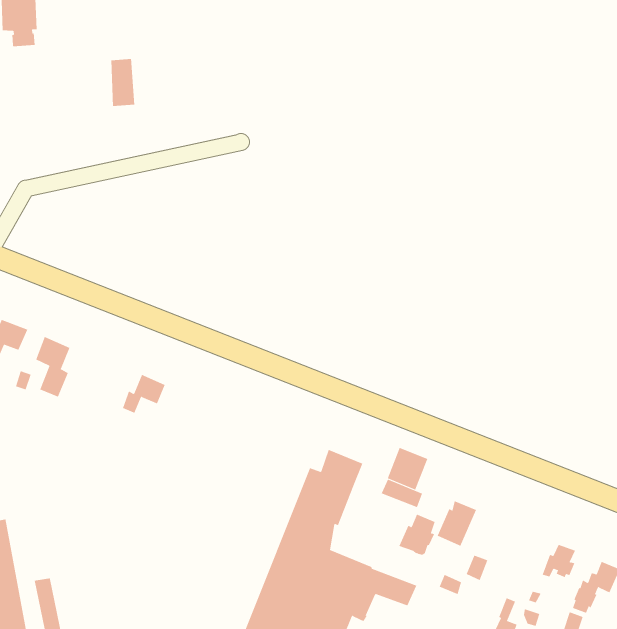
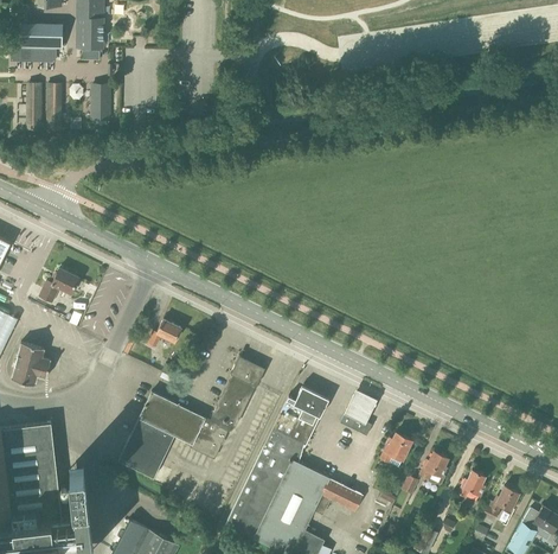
building: [110,58,135,106] -> [92,84,110,120]
building: [35,336,70,398] -> none
building: none -> [118,355,265,477]
building: [399,514,436,555] -> [418,451,448,483]

